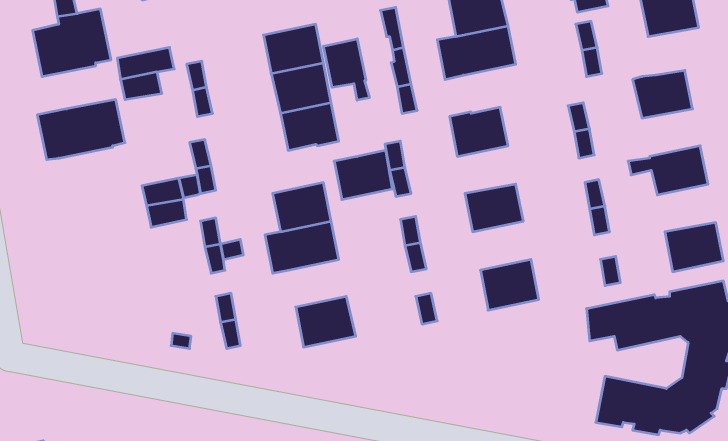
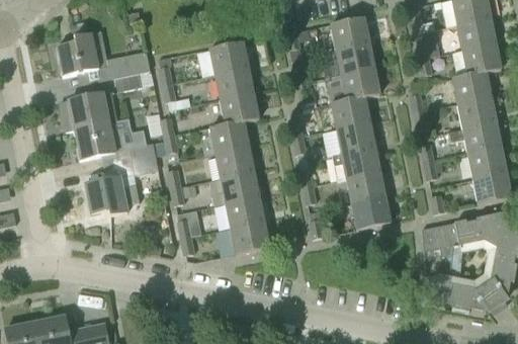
building: none -> [452,44,501,76]
building: [324,39,369,100] -> none
building: none -> [340,68,379,100]
building: none -> [457,97,496,128]
building: none -> [336,121,374,153]
building: none -> [74,122,125,159]
building: [334,150,392,200] -> [209,120,248,153]
building: none -> [467,147,506,178]
building: none -> [346,171,384,203]
building: none -> [84,176,140,216]
building: none -> [225,196,263,228]

